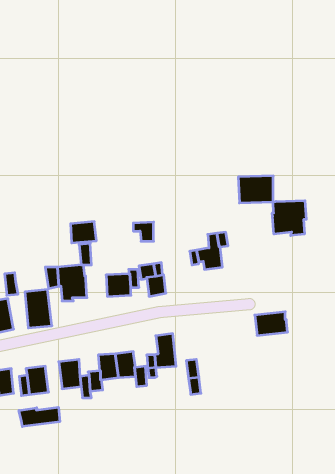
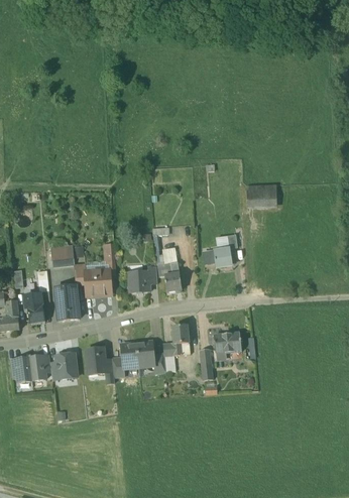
building: [272,201,306,236] -> none
building: [71,222,96,243] -> [50,246,74,265]
building: [255,312,288,335] -> [212,332,241,353]
building: [19,407,60,427] -> none

